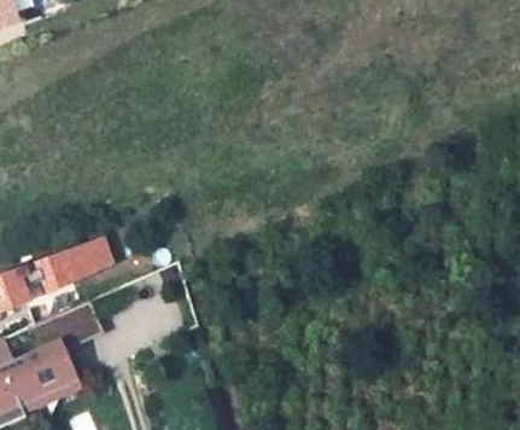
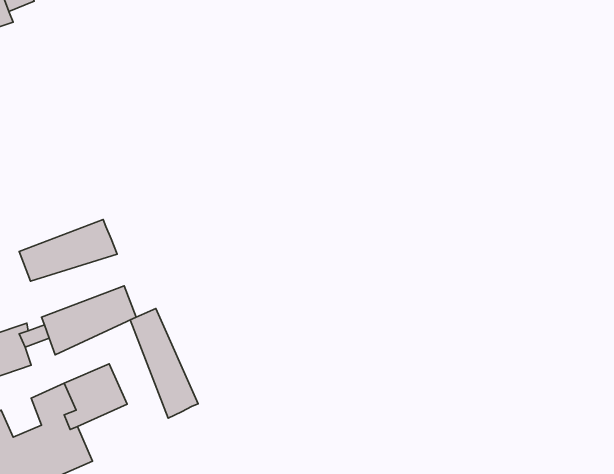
building: none -> [19,219,117,281]
building: none -> [130,309,198,418]

